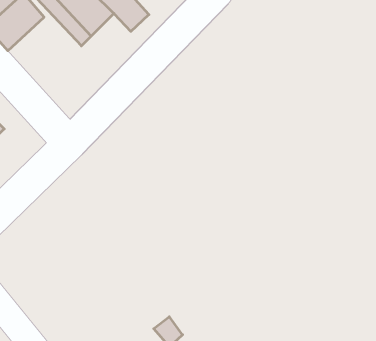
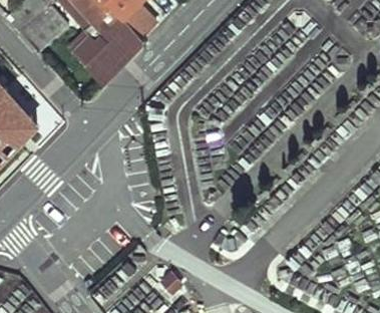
building: none -> [84,20,143,82]

